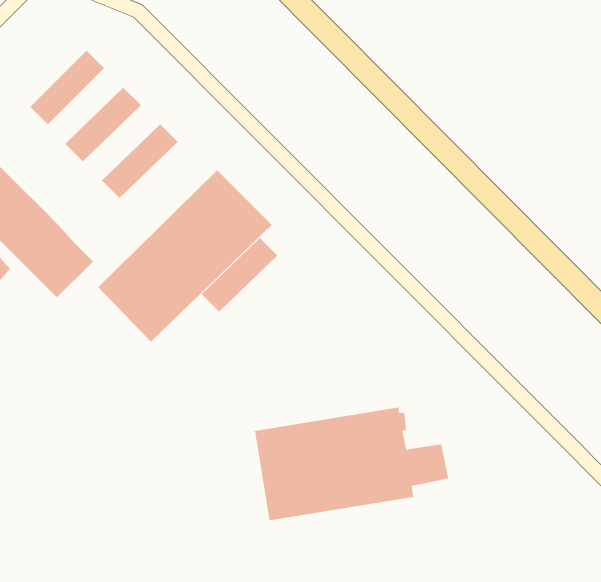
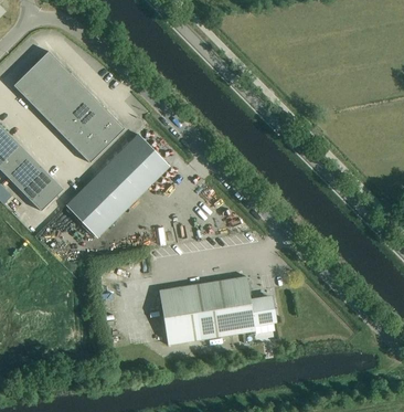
building: none -> [13,51,59,96]
building: none -> [35,73,81,118]
building: none -> [56,95,103,140]
building: [201,237,278,313] -> [78,117,125,162]

